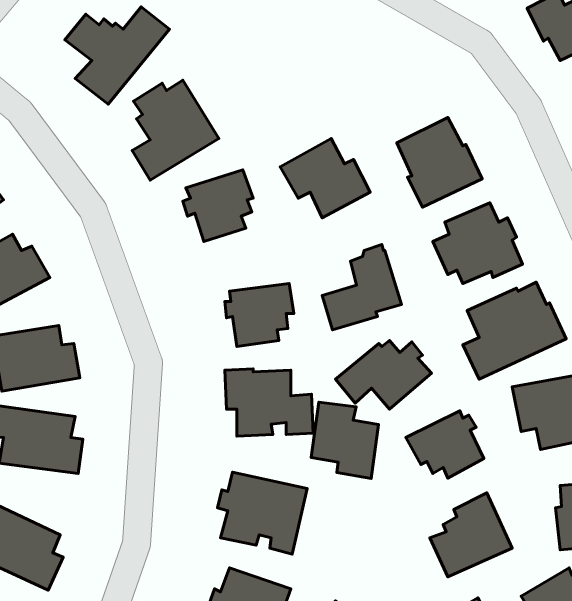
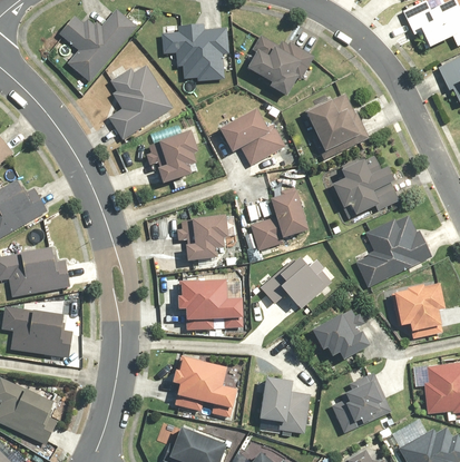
building: none -> [160,22,229,80]
building: none -> [247,33,314,97]
building: [311,402,379,478] -> [260,376,310,433]

